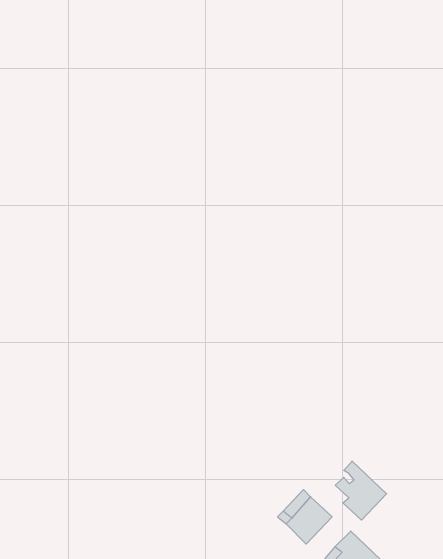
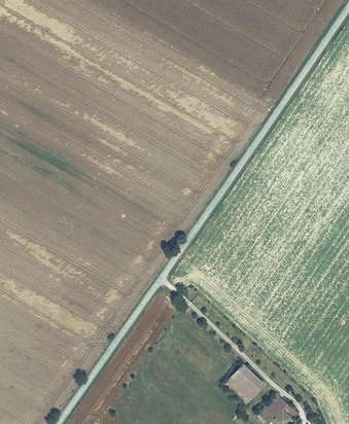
building: [335,461,387,520] -> none

